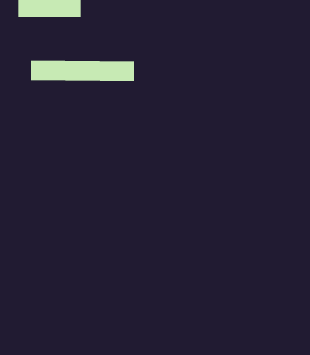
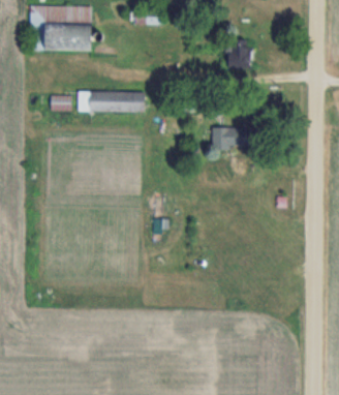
building: none -> [228,39,249,67]
building: none -> [214,128,235,150]

